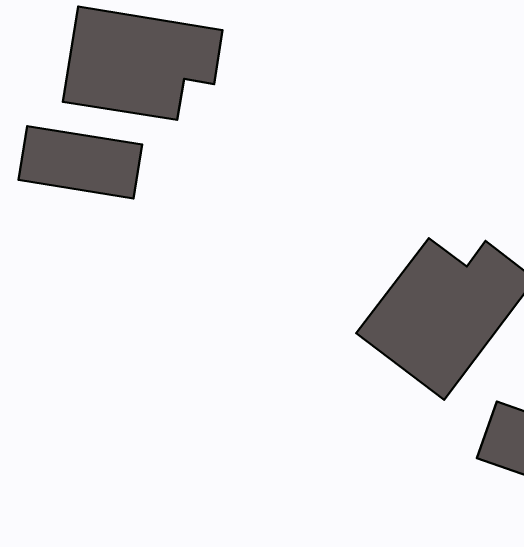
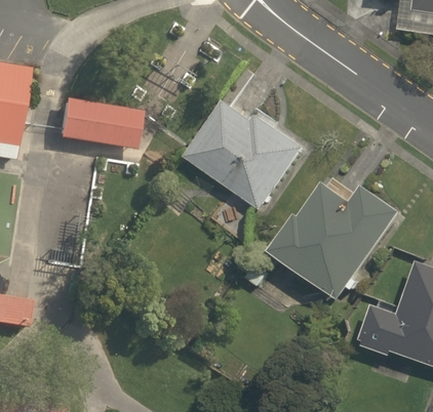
building: [63,6,222,120] -> none
building: none -> [187,94,304,208]

